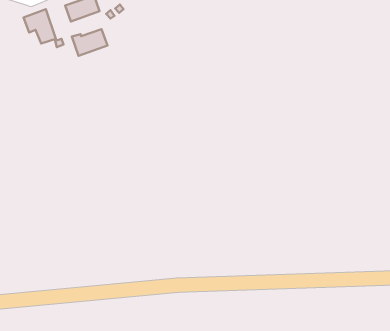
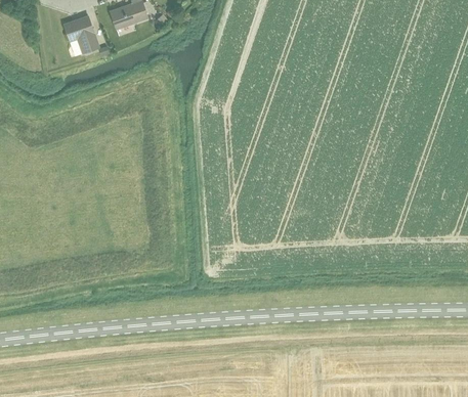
building: [72,29,107,56] -> none

